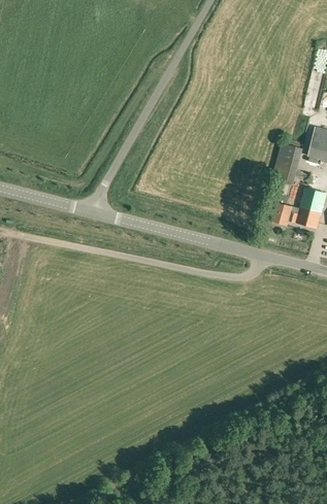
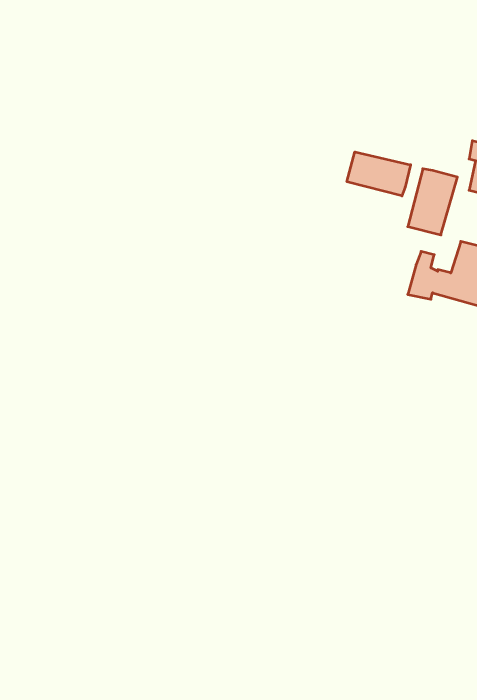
building: none -> [347,152,411,196]

